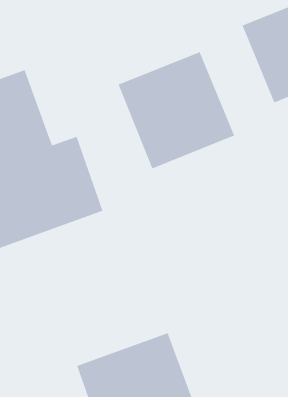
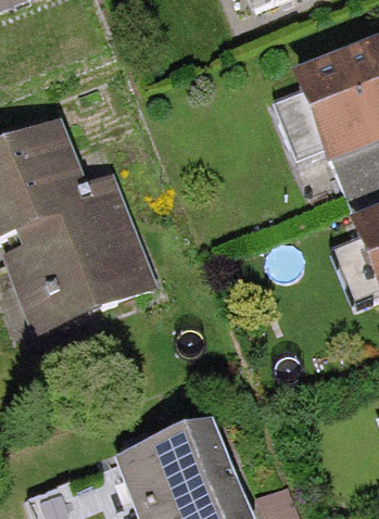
building: [118,51,235,170] -> none

